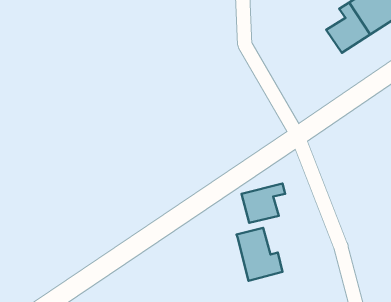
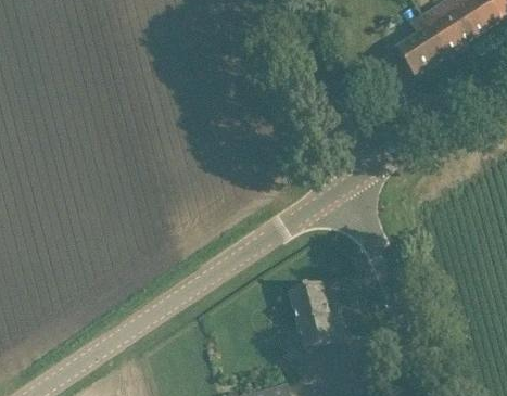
building: [242,183,285,223] -> none

